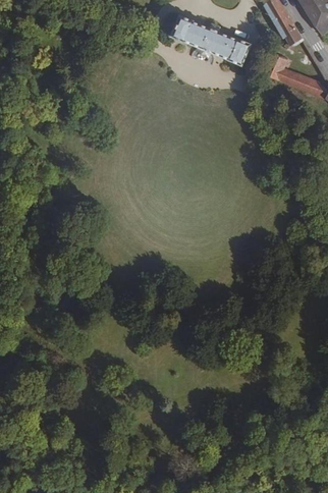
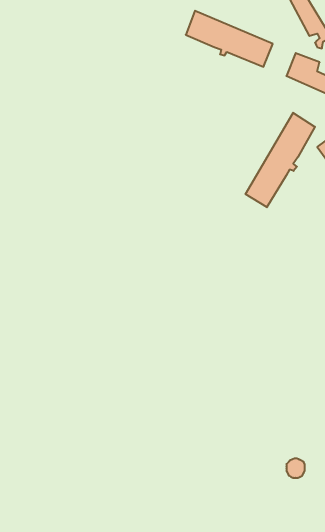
building: none -> [246,113,315,207]

